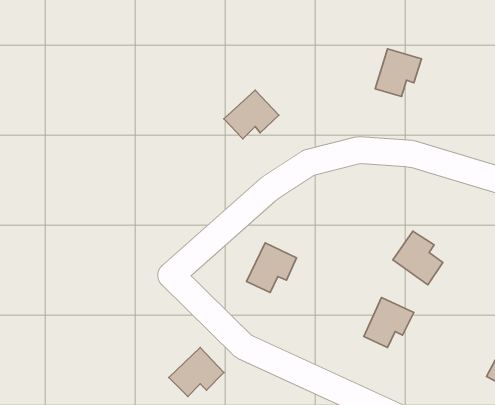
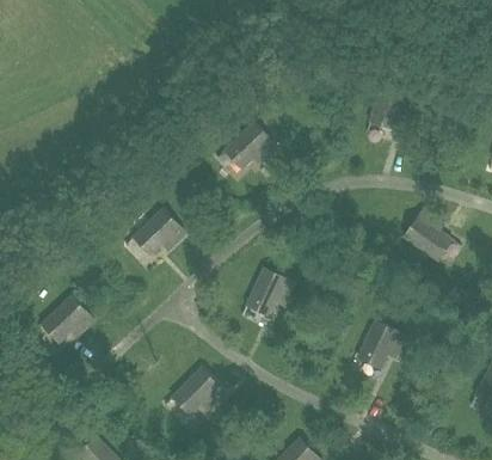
building: none -> [133,210,185,256]
building: [393,231,443,285] -> [402,210,450,262]
building: none -> [41,298,93,343]

